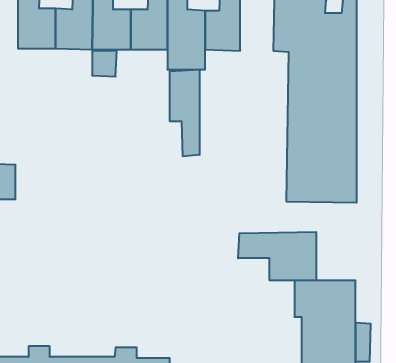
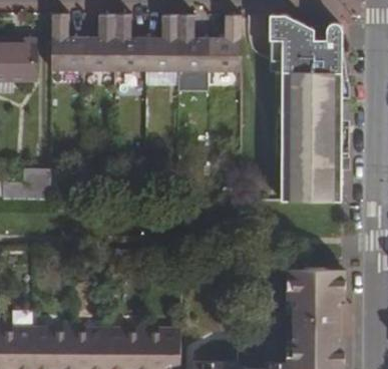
building: [170,70,200,156] -> none
building: [238,232,316,280] -> none

